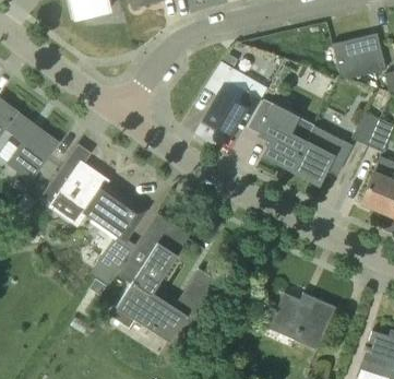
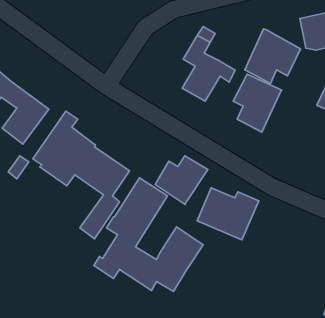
building: [291,123,353,183] -> [245,29,301,84]
building: none -> [155,156,208,204]
building: [268,293,336,350] -> [197,188,259,240]

